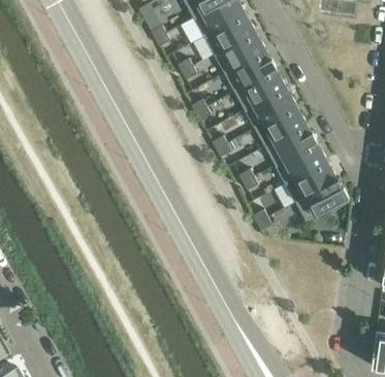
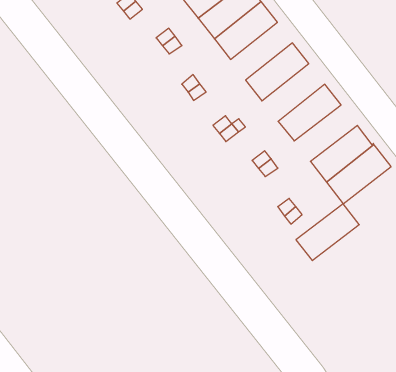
building: [234,69,286,111] -> none
building: [254,106,307,148] -> none
building: [275,143,327,184] -> [296,204,359,261]

